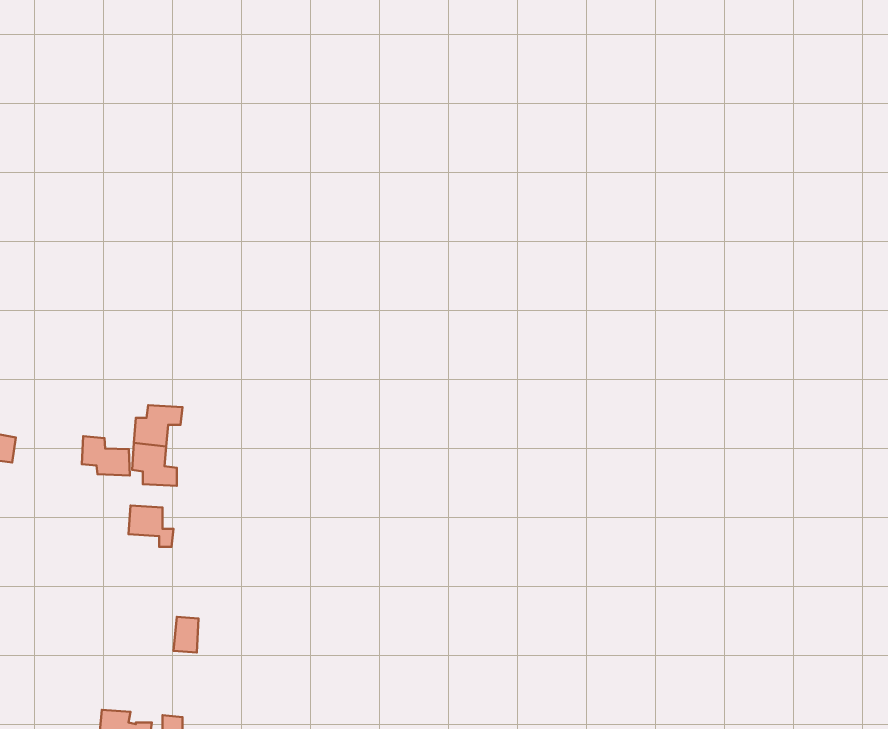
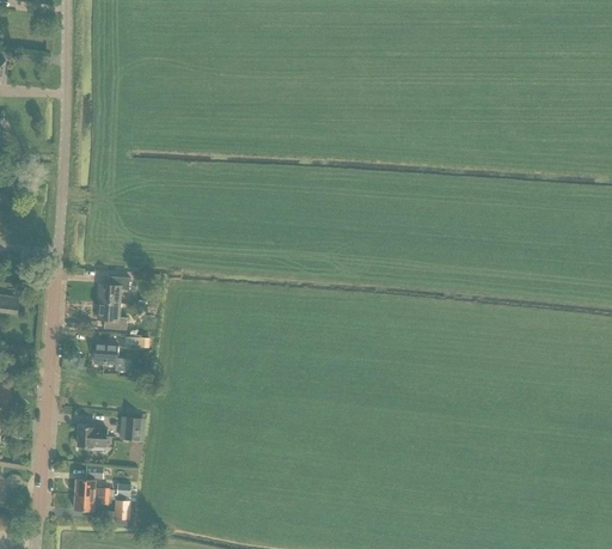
building: [82,436,130,476] -> none
building: none -> [76,426,106,446]

